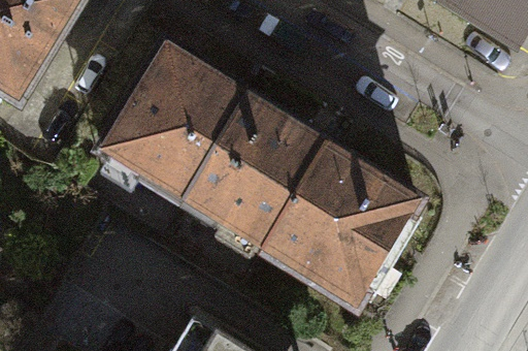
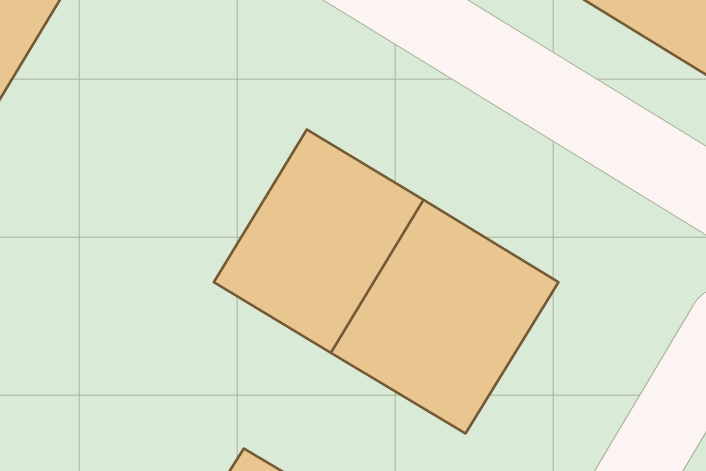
building: [100,43,244,197] -> none

